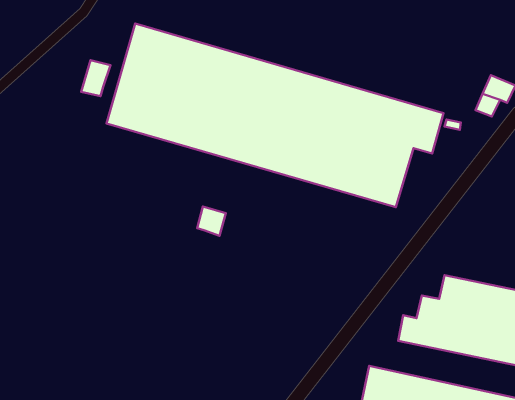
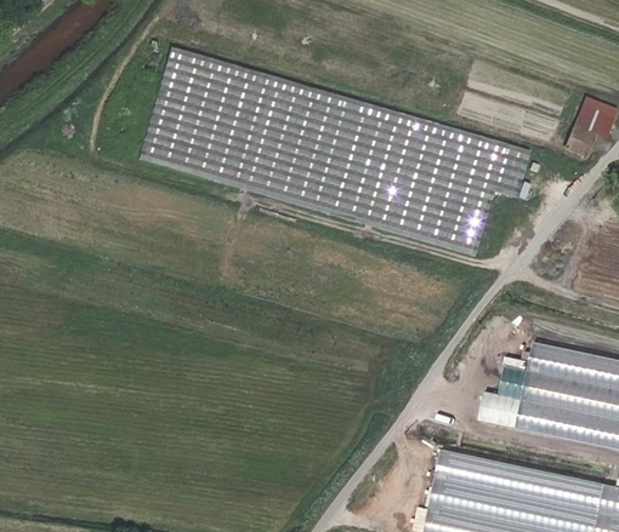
building: [81,60,110,96] -> none
building: [197,206,226,236] -> none

